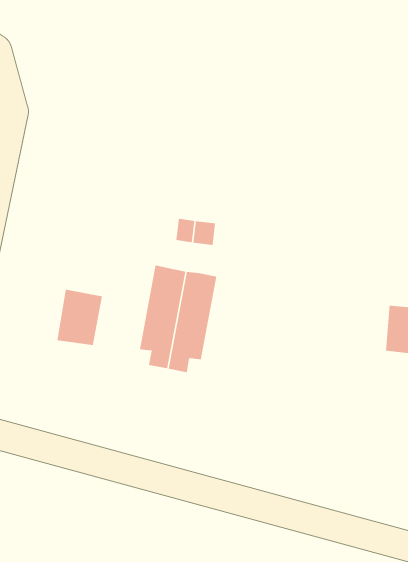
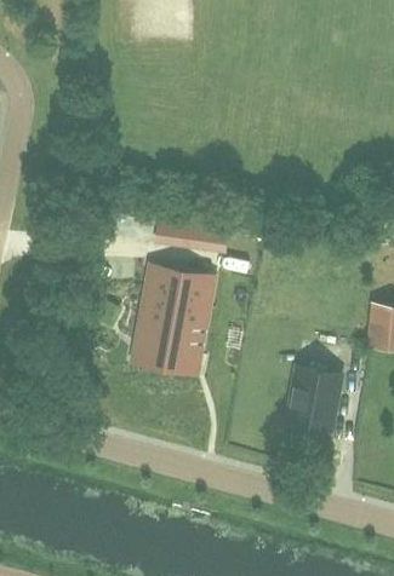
building: [57,289,103,346] -> none
building: none -> [287,365,341,431]

